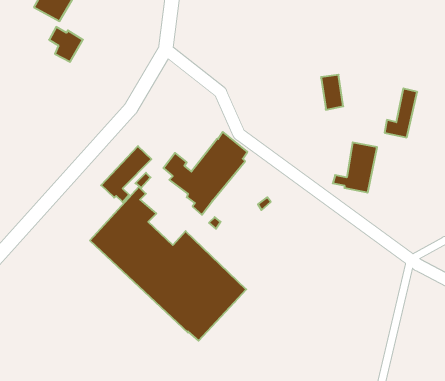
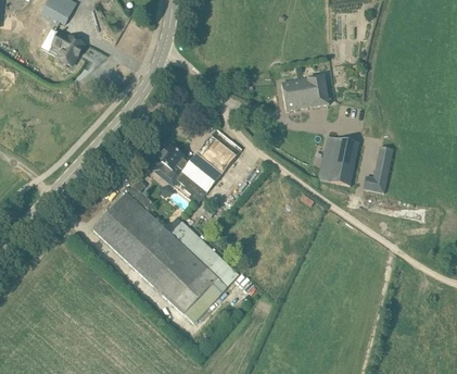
building: none -> [281,77,312,110]
building: [385,88,417,137] -> [363,146,393,191]
building: [101,146,151,202] -> none

